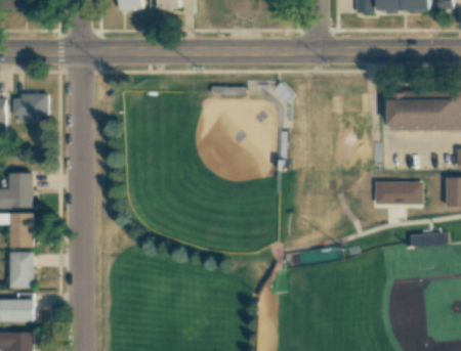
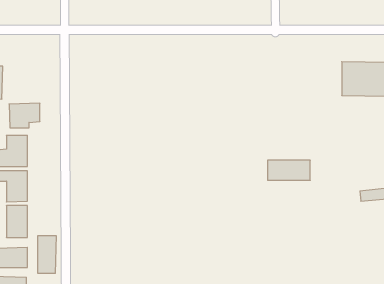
building: [13,94,48,122] -> [9,103,40,128]
building: [375,181,423,204] -> [268,160,310,180]
building: none -> [38,236,56,273]

